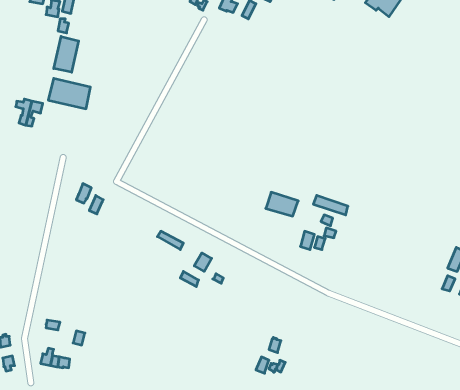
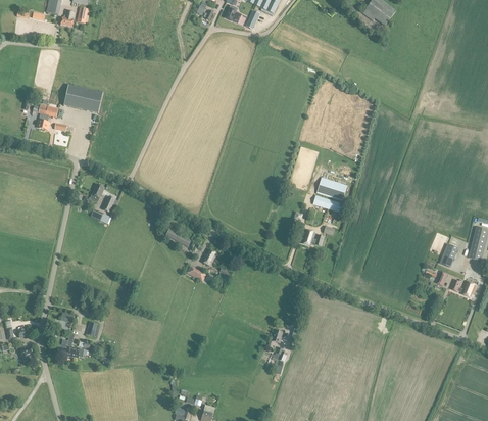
building: [54,36,79,72] -> none
building: [266,192,298,216] -> [316,177,347,199]

